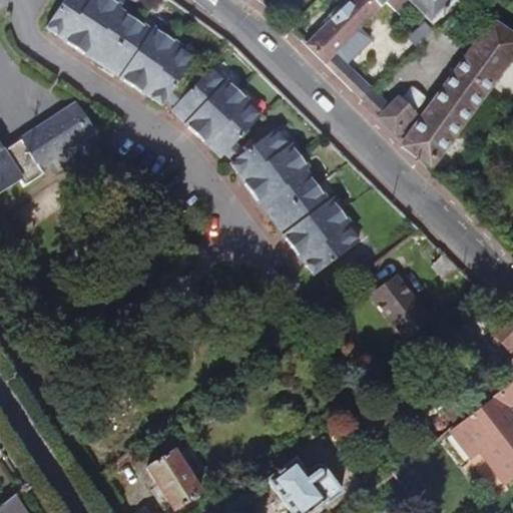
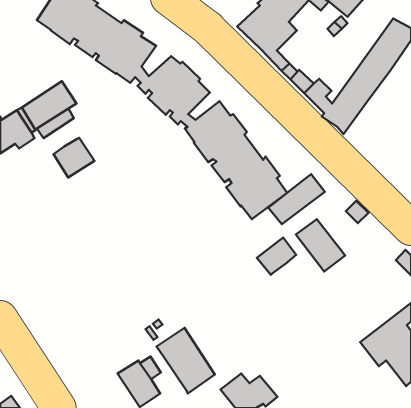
building: none -> [54,138,95,177]
building: none -> [268,174,325,224]
building: none -> [257,238,296,275]
building: none -> [156,328,215,394]

